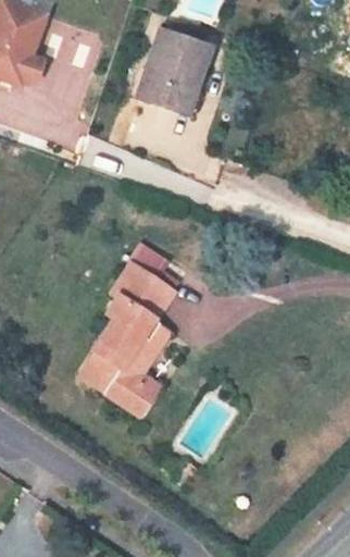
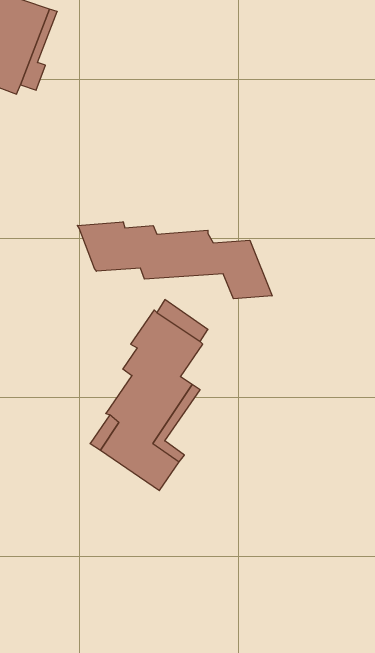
building: [137,29,208,116] -> none
building: none -> [77,222,272,299]

